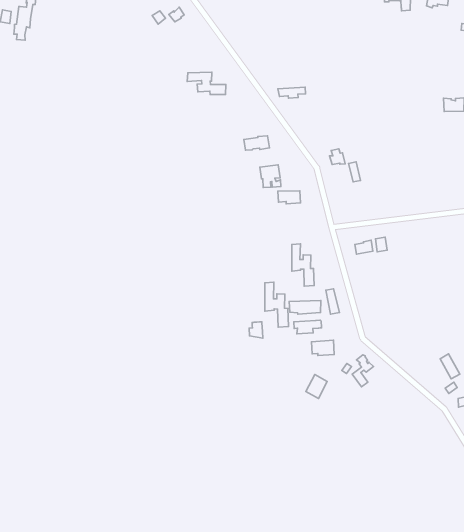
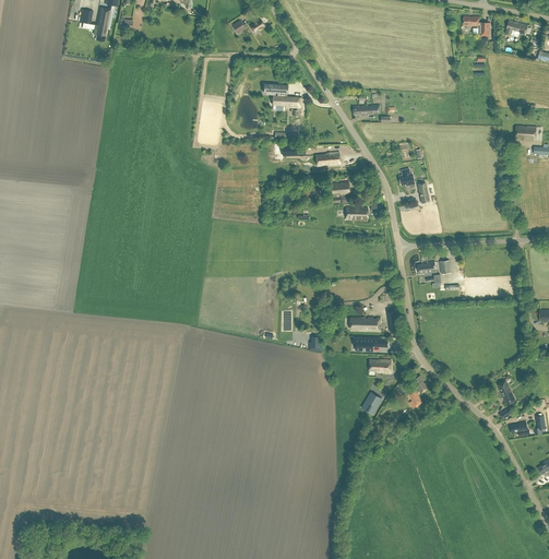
building: [292,244,314,286] -> none
building: [265,282,288,327] -> none

